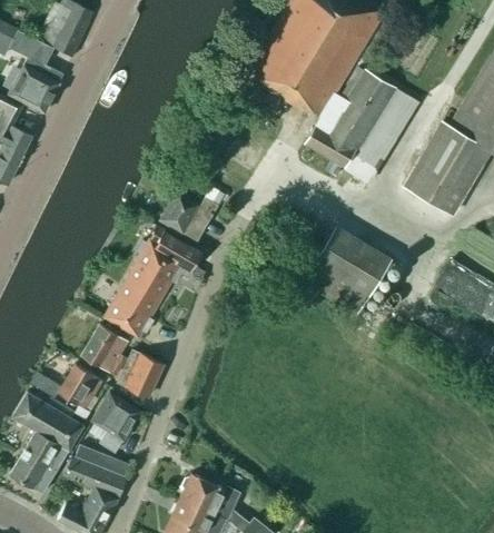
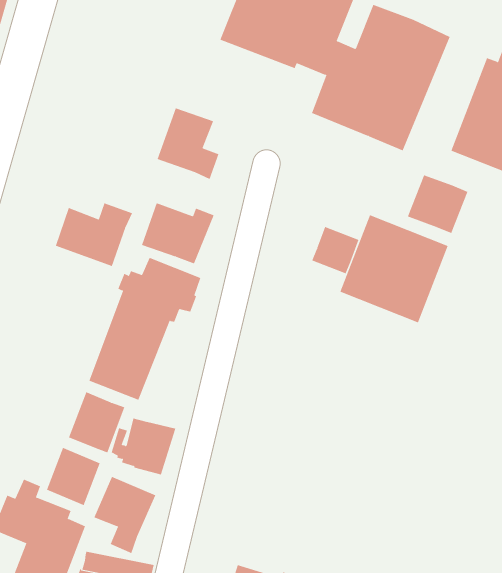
building: none -> [157,107,219,180]
building: none -> [55,203,133,267]
building: none -> [407,174,468,234]
building: none -> [312,226,359,274]

